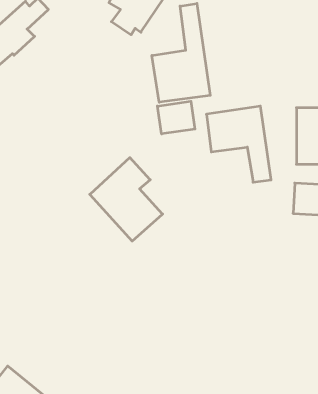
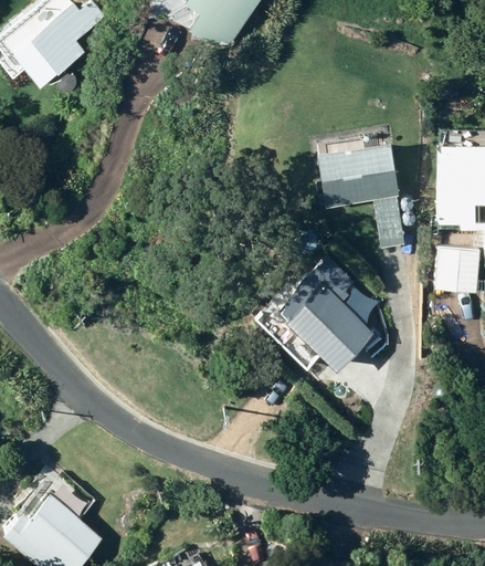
building: [152,3,210,102] -> none
building: [157,101,195,134] -> none
building: [90,158,163,241] -> [271,248,369,360]

